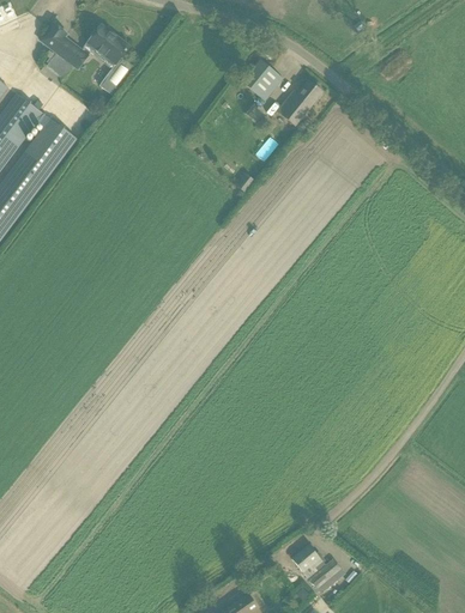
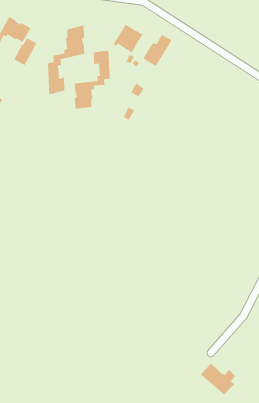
building: none -> [47,24,85,95]
building: none -> [74,50,110,110]

